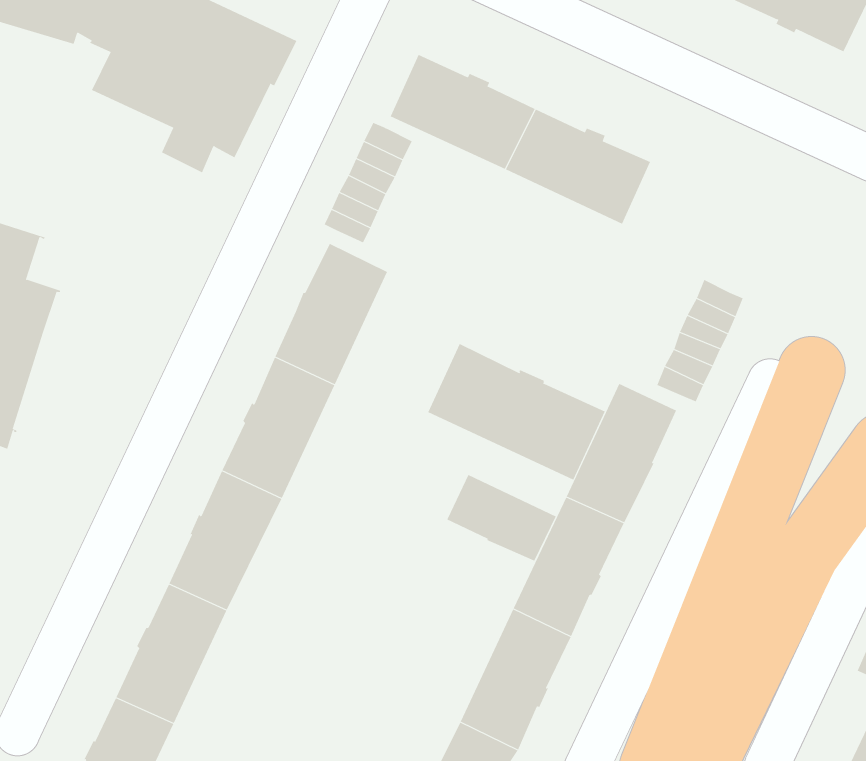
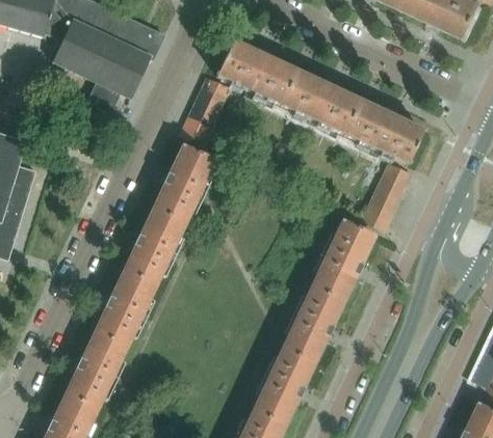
building: none -> [344,100,423,164]
building: [427,343,606,481] -> none
building: [446,474,557,561] -> none

